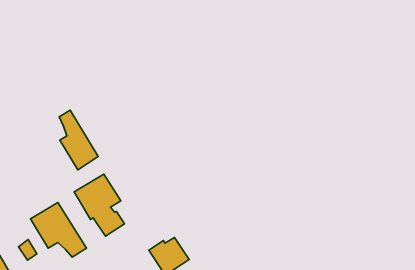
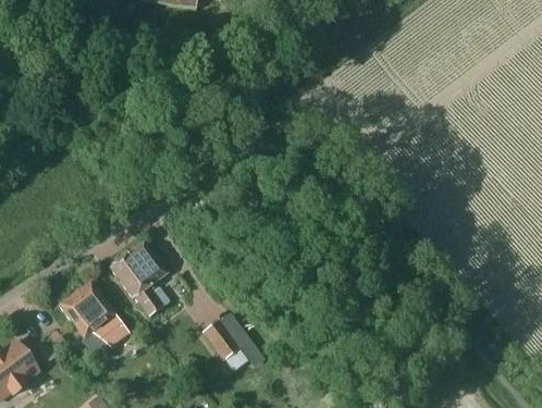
building: [59,110,98,170] -> none

